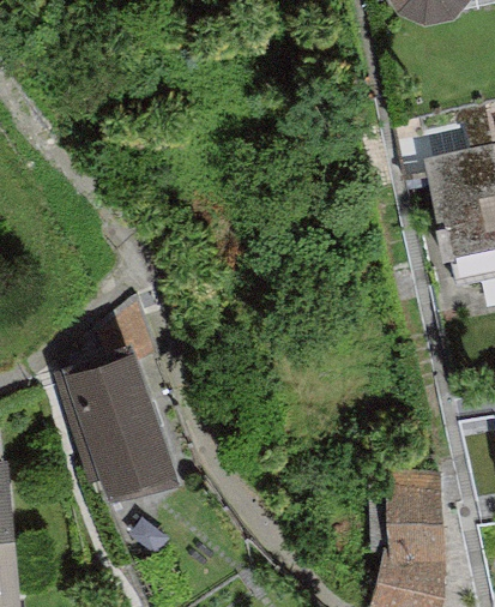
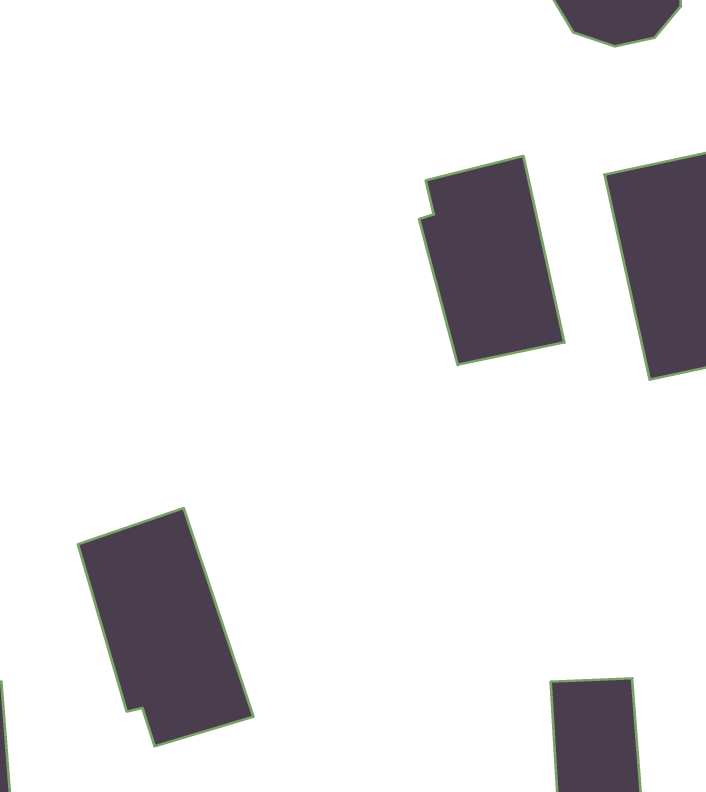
building: none -> [419,156,564,365]

